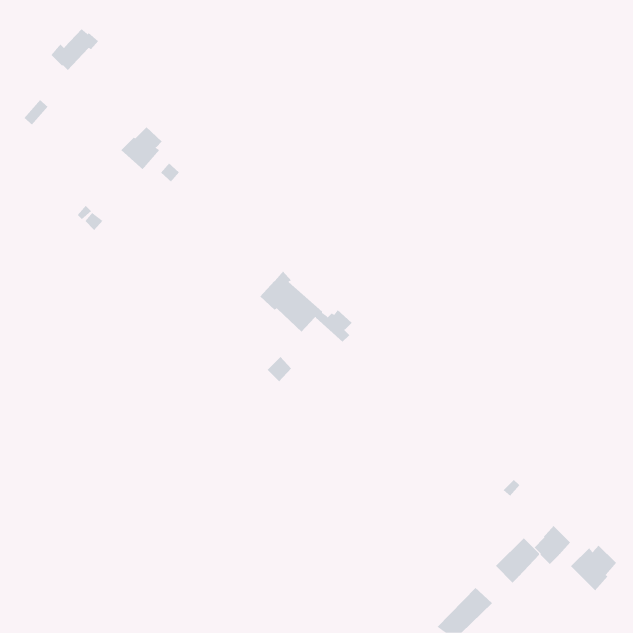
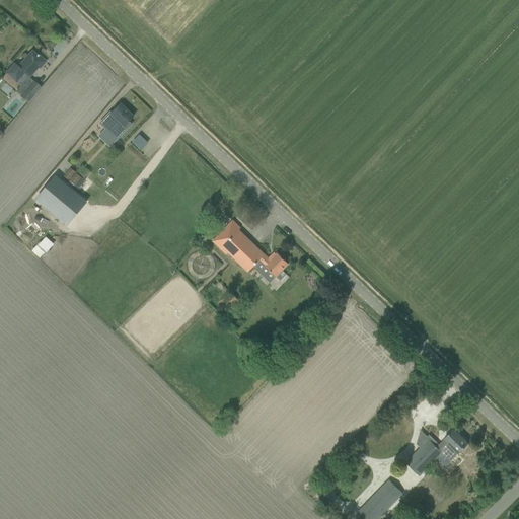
building: [50,29,99,71] -> [5,51,45,85]
building: none -> [35,176,86,225]
building: [570,545,617,591] -> none

